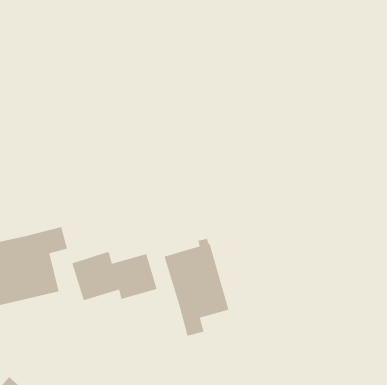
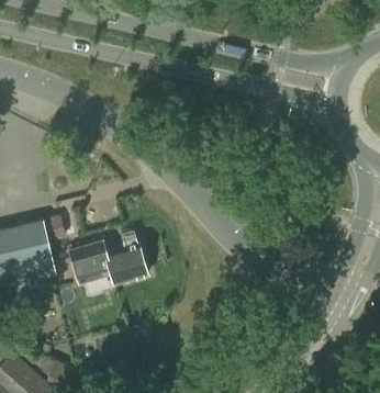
building: [164,238,229,336] -> none

